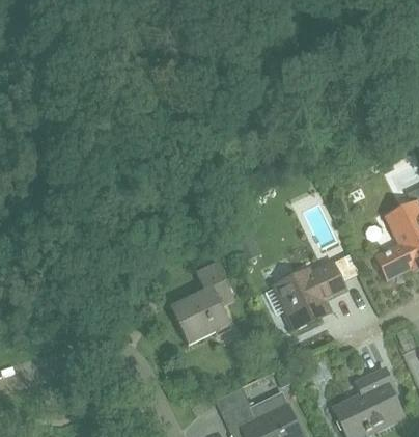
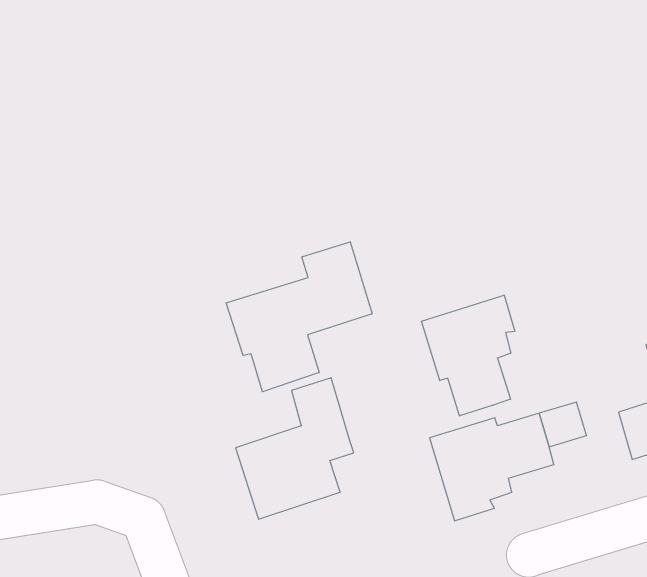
building: none -> [226,242,372,392]
building: none -> [421,295,515,416]

